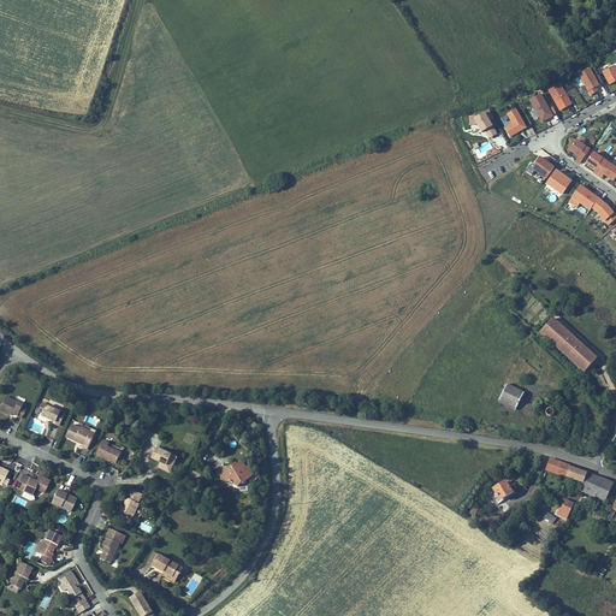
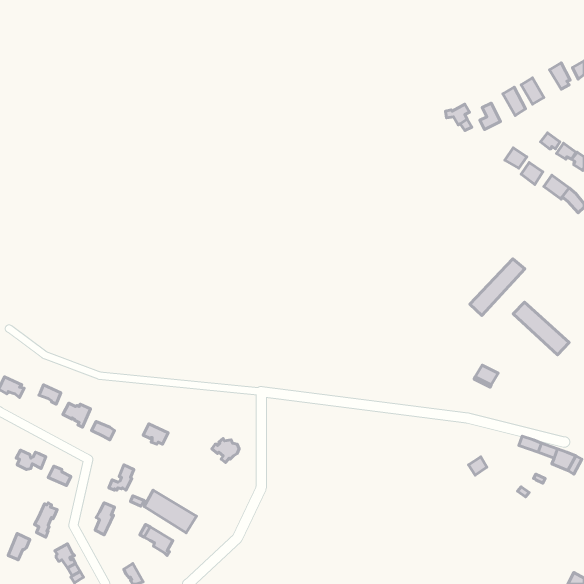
building: none -> [470,259,525,315]
building: none -> [144,490,196,533]

